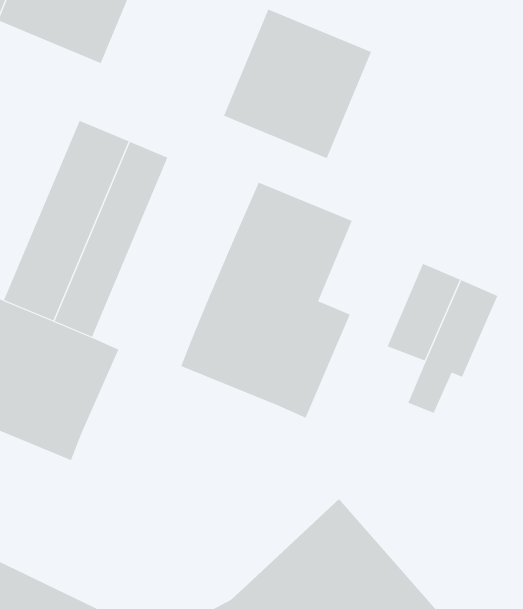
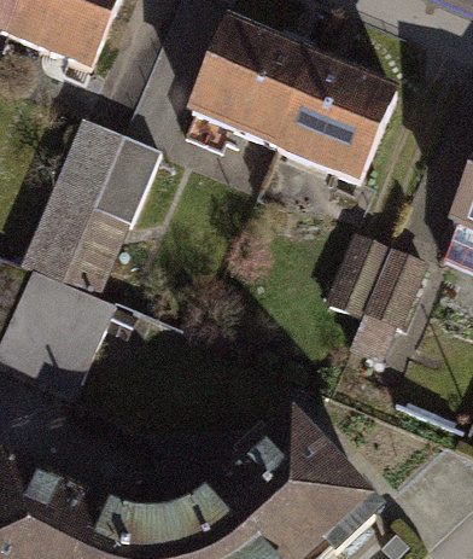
building: none -> [284,64,404,186]
building: [180,182,352,419] -> none

